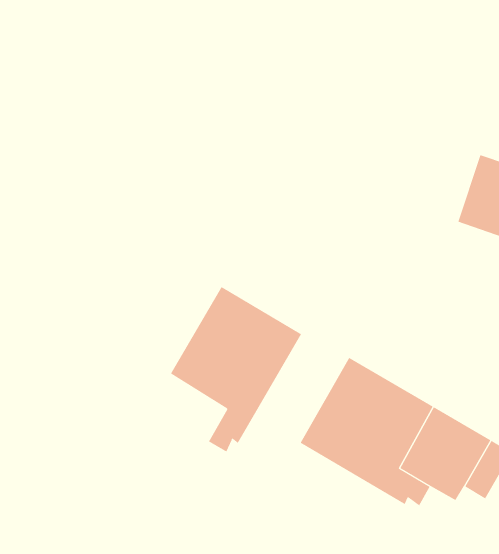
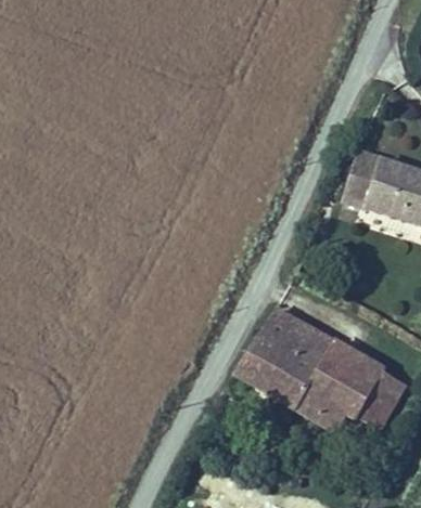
building: none -> [343,149,383,209]
building: [170,286,302,453] -> none

